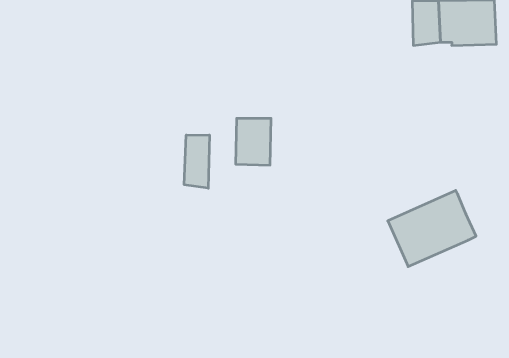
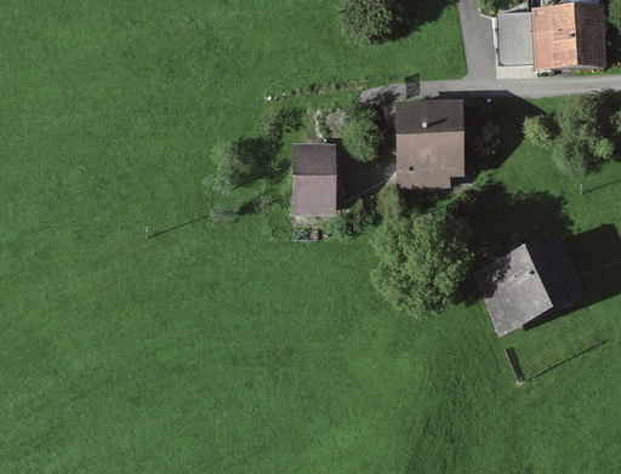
building: none -> [398,105,458,185]
building: [184,135,209,188] -> none

